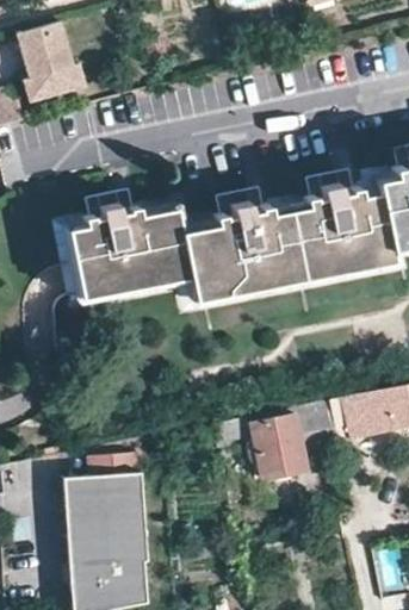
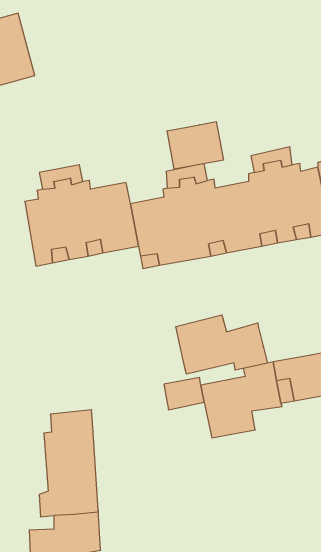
building: none -> [167,122,223,169]
building: none -> [176,315,268,374]
building: [66,475,98,579] -> none

